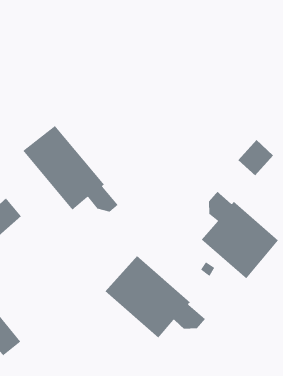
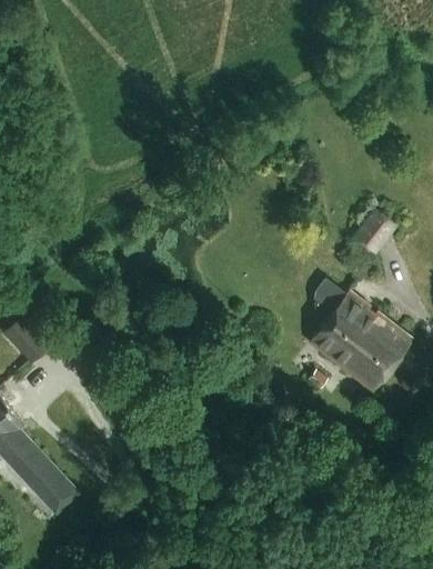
building: [23,125,119,212] -> none
building: [104,255,206,338] -> none

